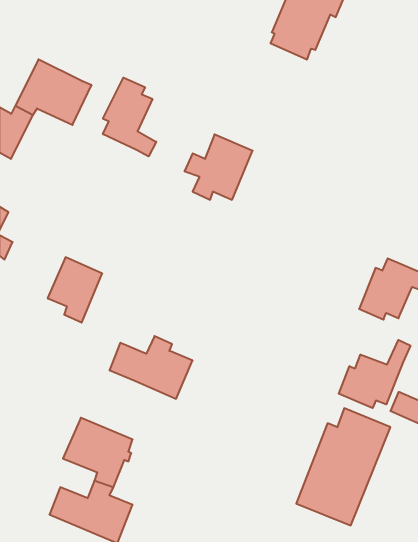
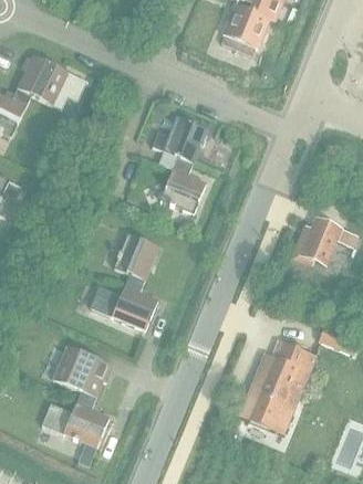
building: [103,78,156,156] -> none
building: none -> [159,161,205,212]
building: [48,257,102,323] -> [113,232,157,285]
building: [339,340,410,408] -> none

